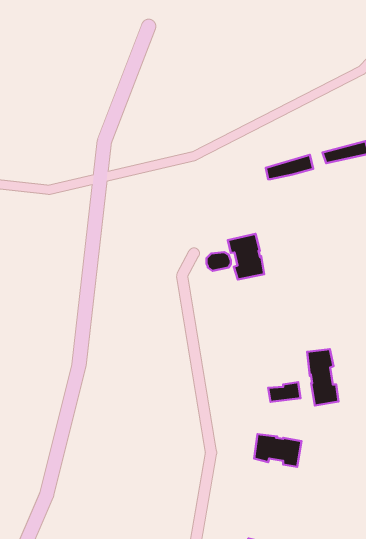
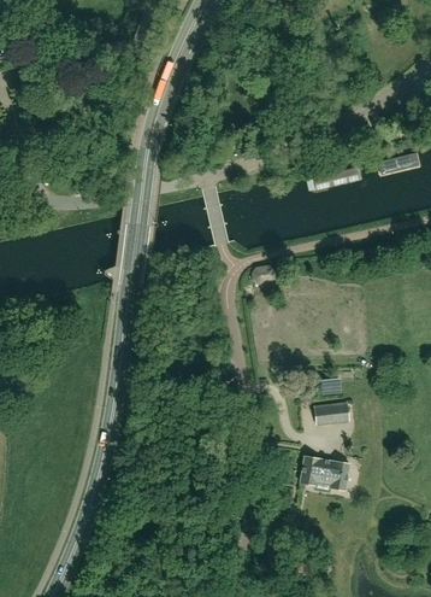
building: [228,234,264,279] -> none
building: [307,349,339,406] -> none

